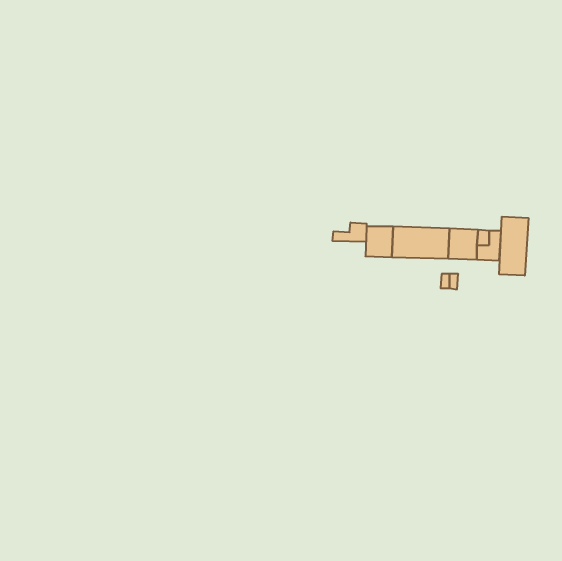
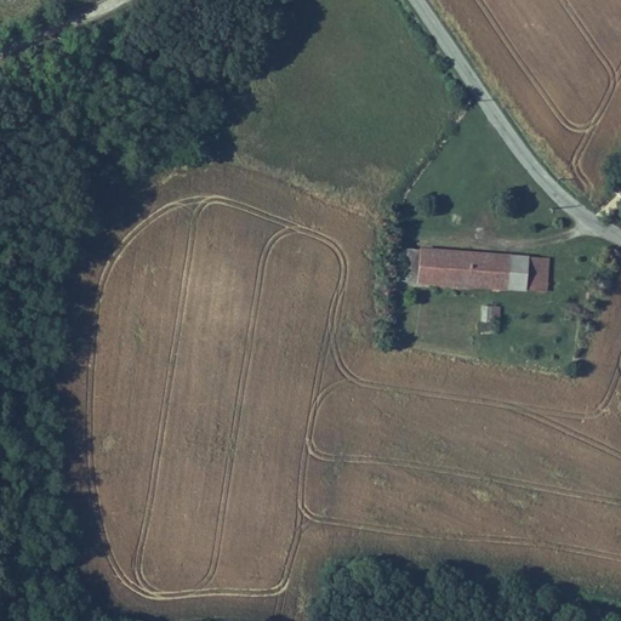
building: [499,217,528,276] -> none
building: [333,222,367,242] -> none

